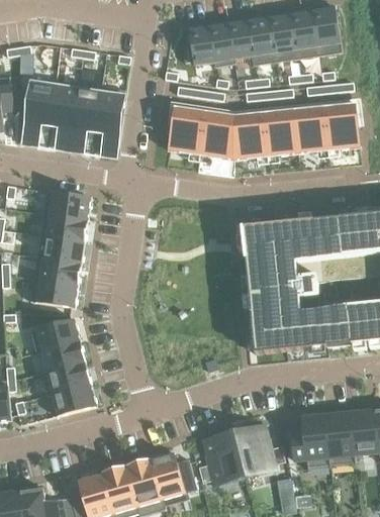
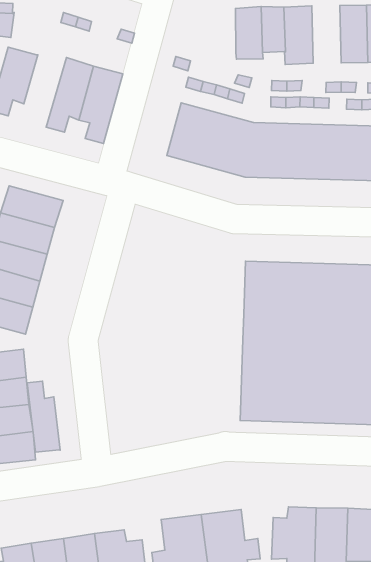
building: [268,13,297,62] -> none
building: [181,26,212,65] -> none
building: [49,79,78,140] -> none
building: none -> [27,381,60,452]

